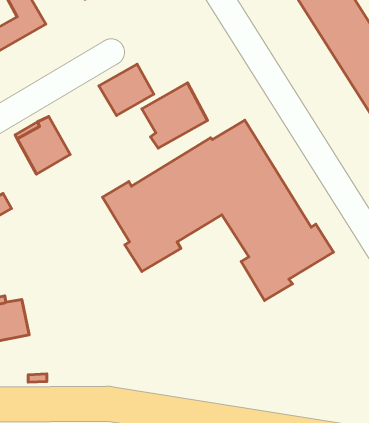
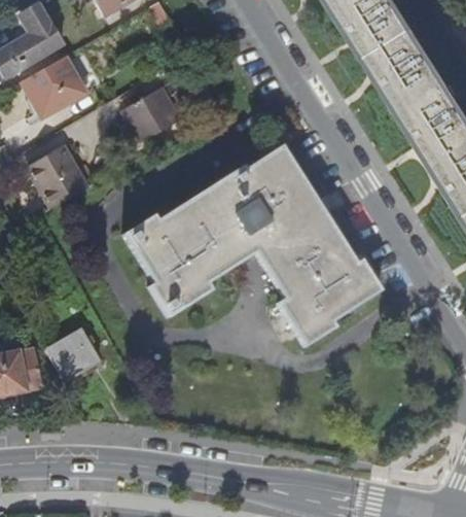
building: none -> [20,56,83,116]
building: [142,83,208,148] -> none
building: none -> [45,330,98,380]

